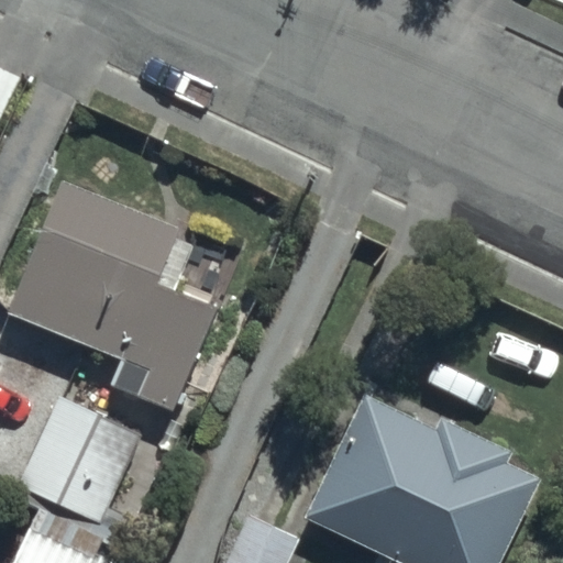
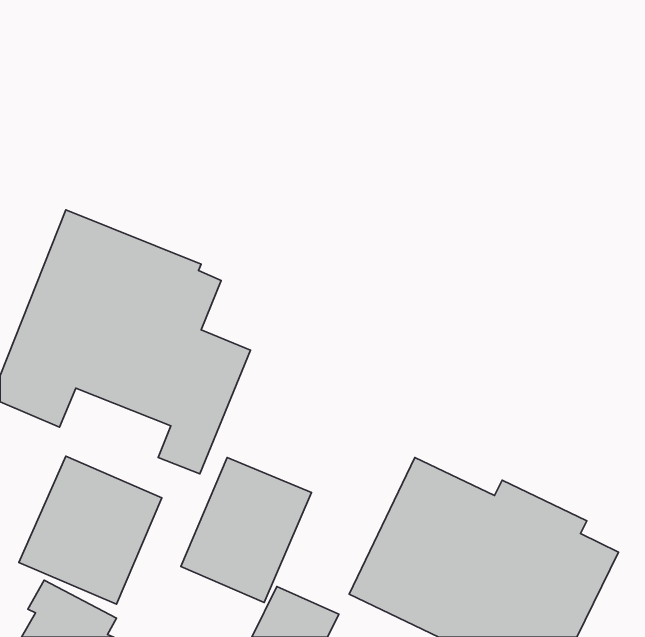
building: none -> [181,458,311,602]

